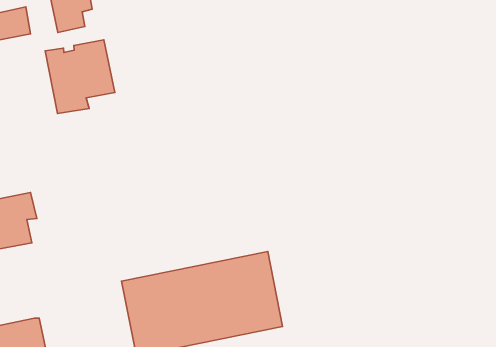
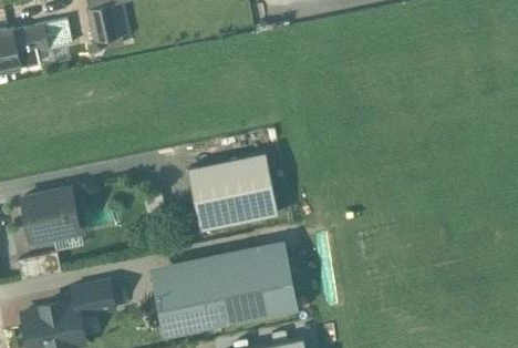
building: [45,40,115,114] -> none
building: none -> [187,154,278,231]
building: none -> [72,279,115,317]

